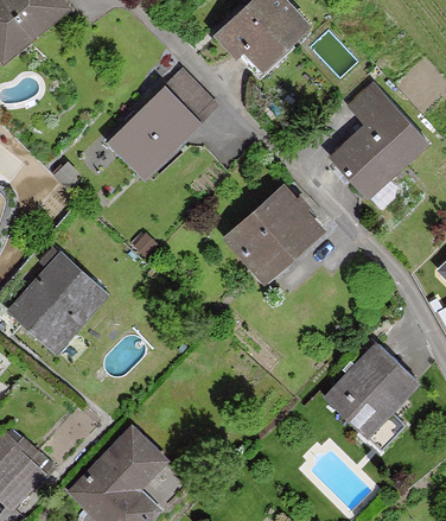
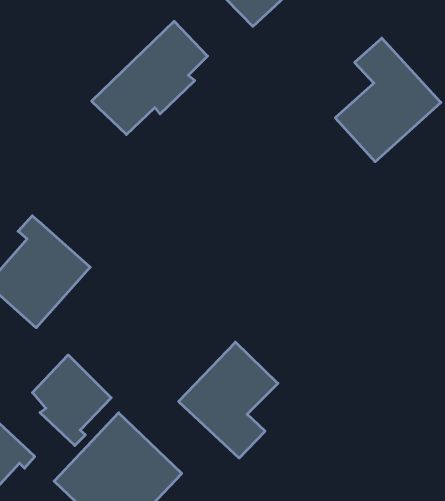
building: [228,189,317,277] -> none
building: [325,343,416,450] -> [179,342,278,458]
building: none -> [32,355,111,446]

